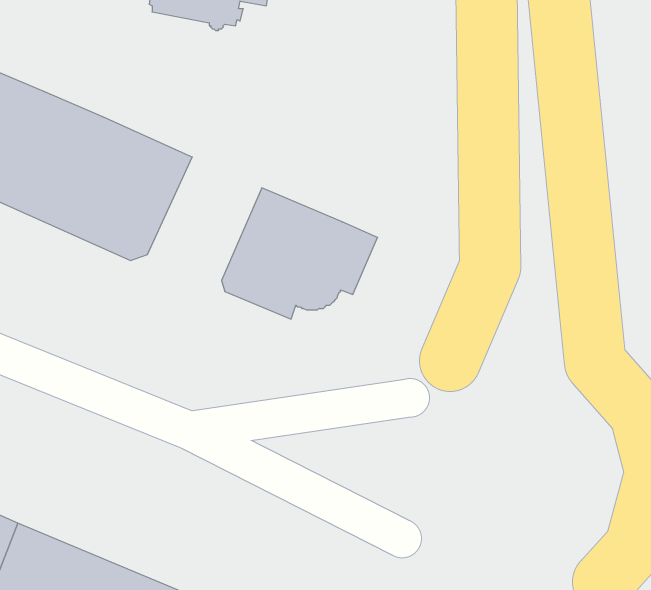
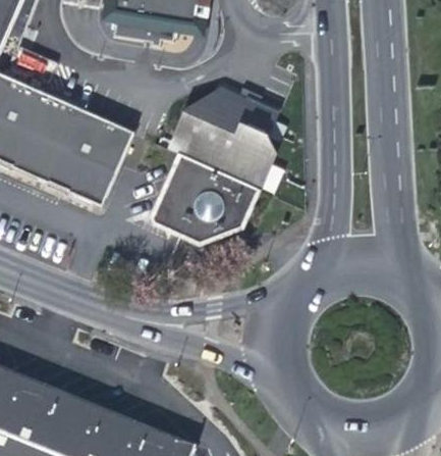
building: none -> [168,92,274,186]

